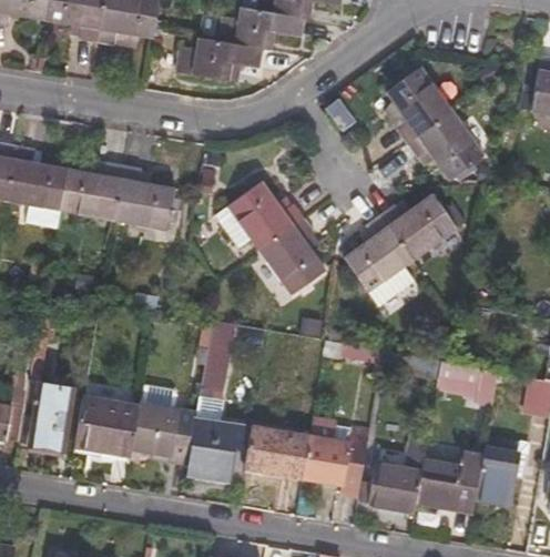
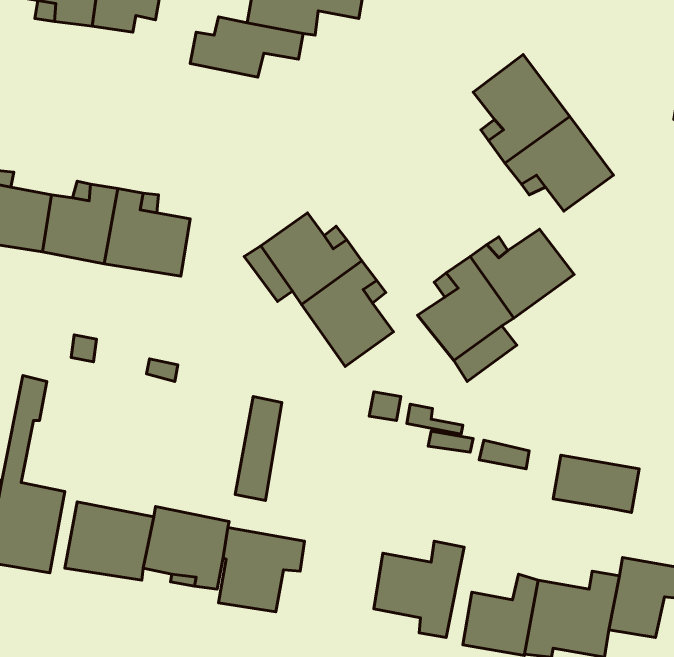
building: [251,423,315,475] -> none

